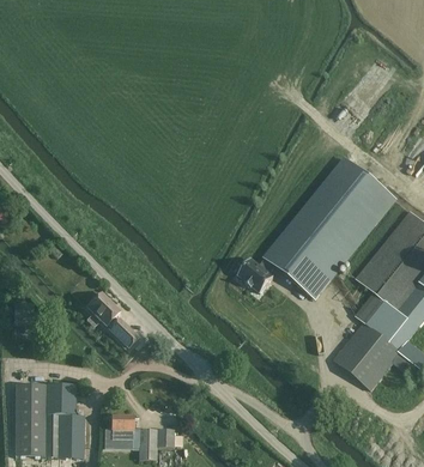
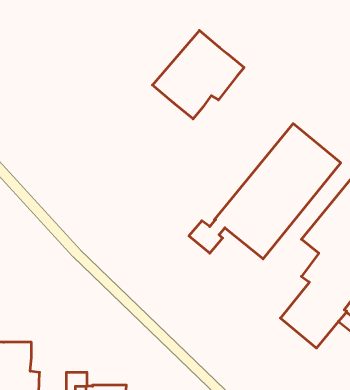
building: none -> [152,30,244,119]
building: [86,291,138,346] -> none

